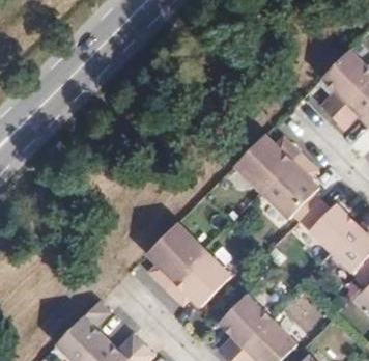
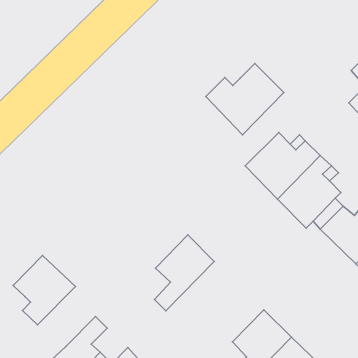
building: none -> [206,63,284,135]
building: none -> [13,255,76,325]
building: [161,252,230,309] -> none

